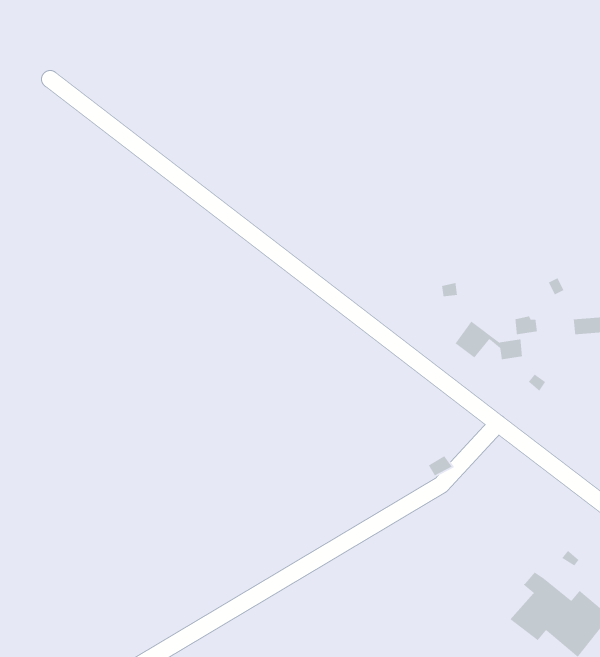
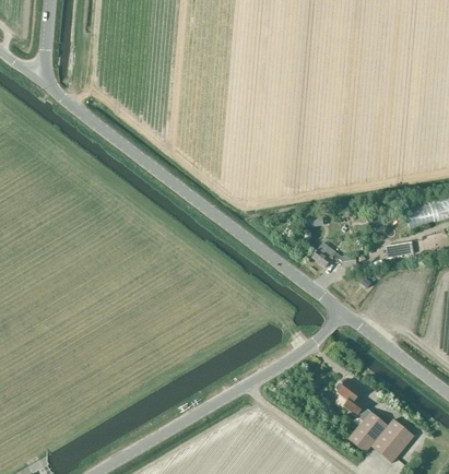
building: none -> [334,380,364,415]

